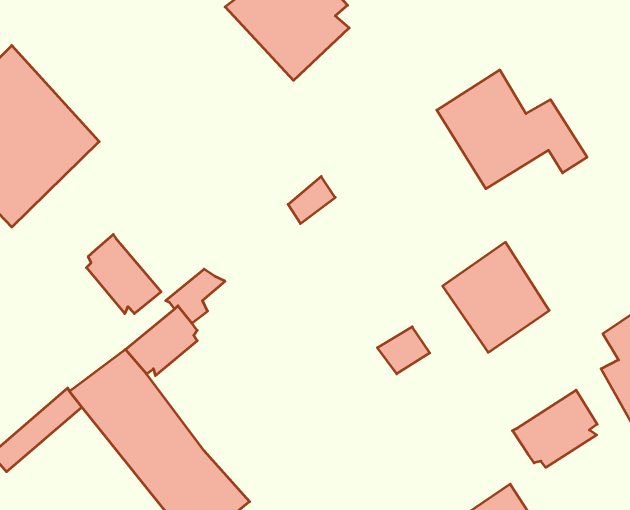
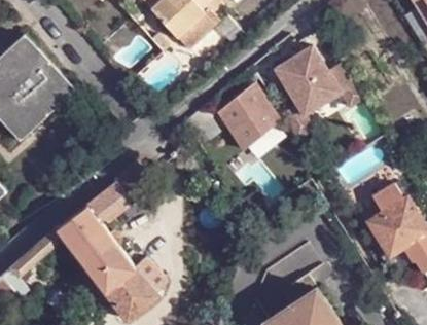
building: [86,234,161,314] -> none
building: [443,242,549,352] -> [217,86,280,151]
building: [512,390,597,467] -> none

